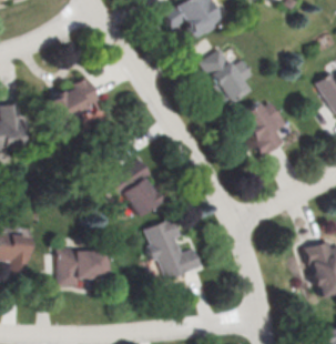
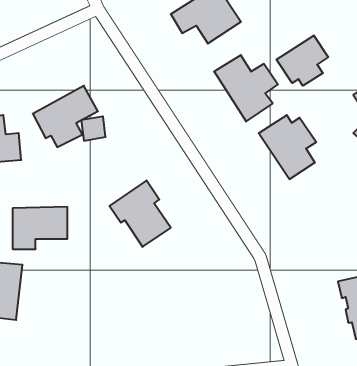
building: none -> [277,35,328,86]
building: [146,217,202,281] -> none
building: [59,249,106,285] -> [13,207,67,249]

